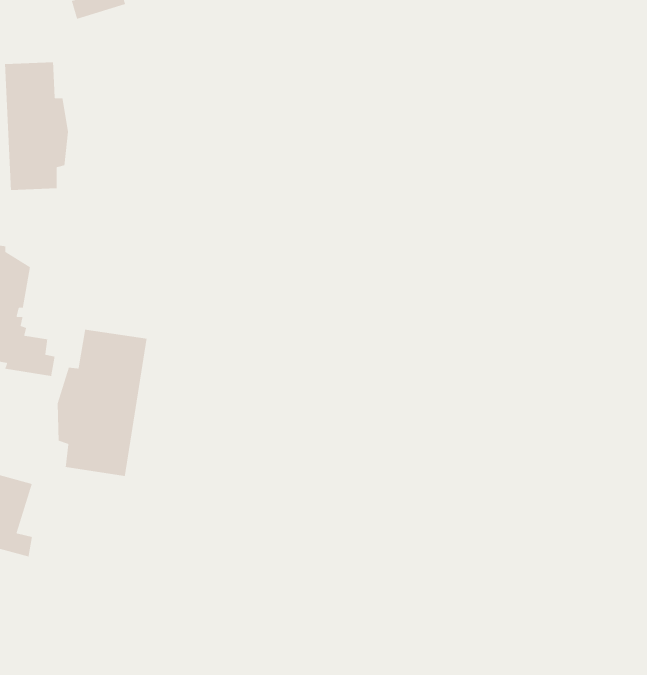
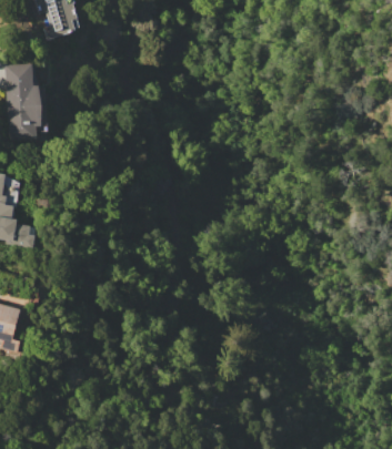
building: [57,329,147,477] -> none

